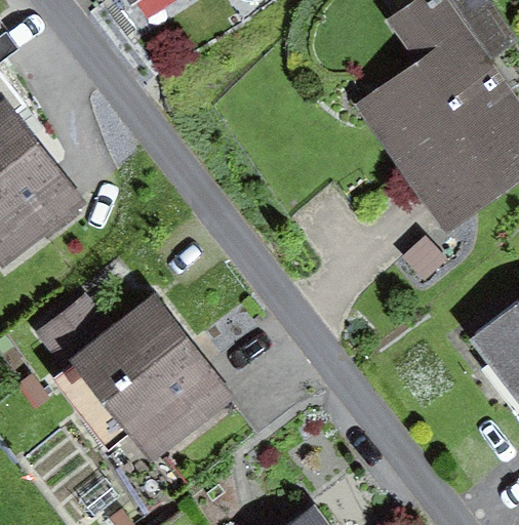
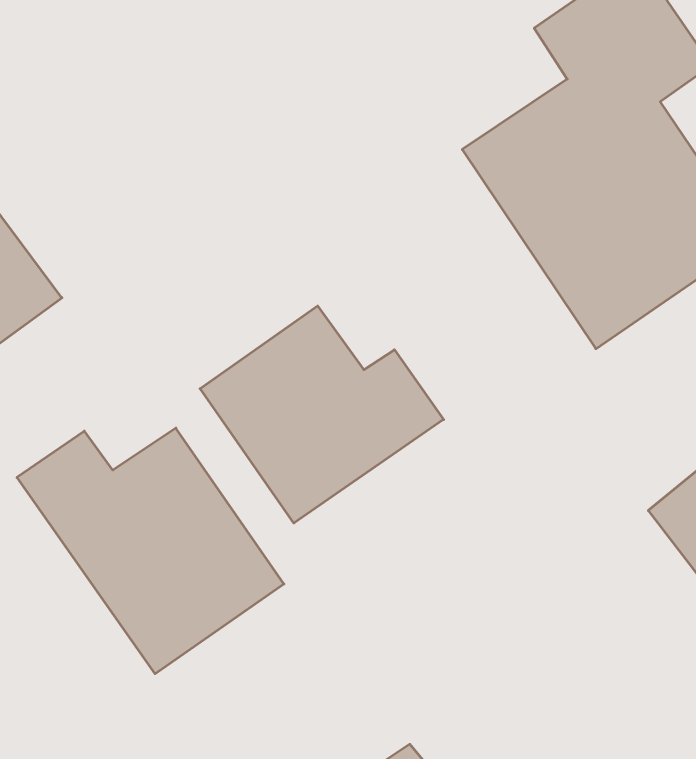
building: none -> [200,306,444,523]

